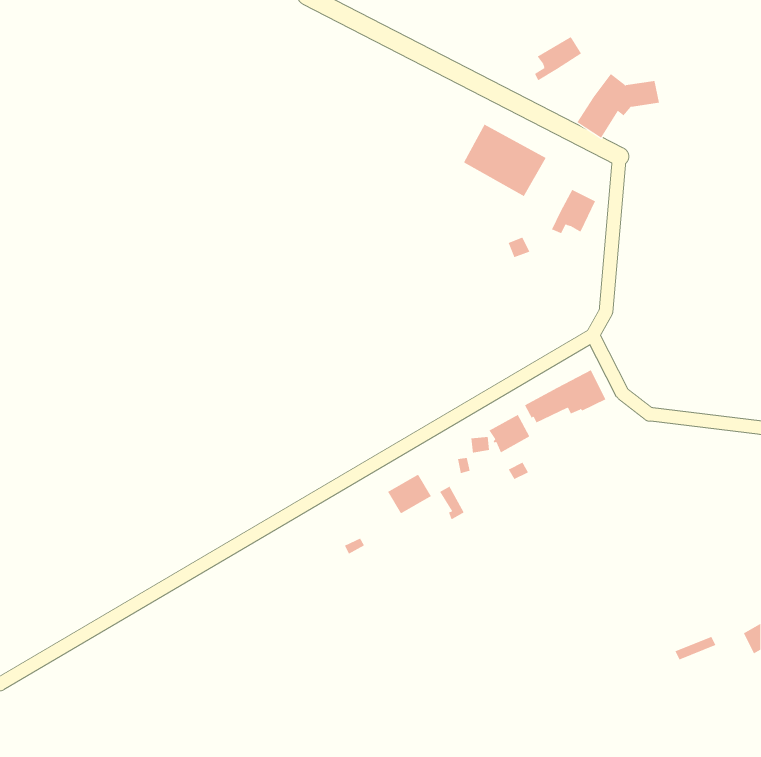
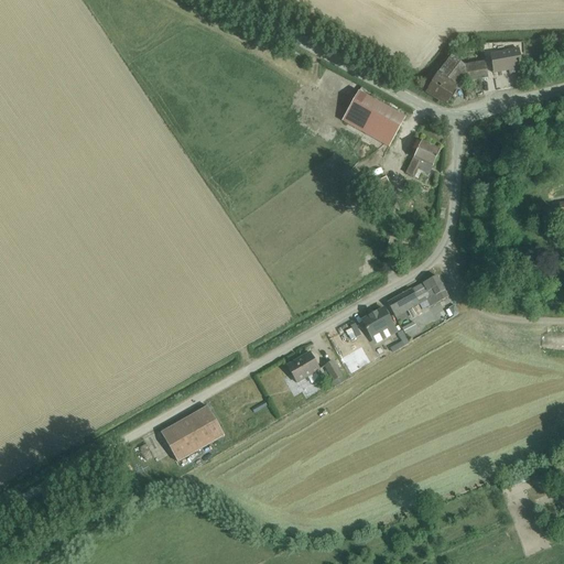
building: [534,36,582,81] -> none
building: none -> [490,47,521,72]
building: none -> [161,404,225,460]

